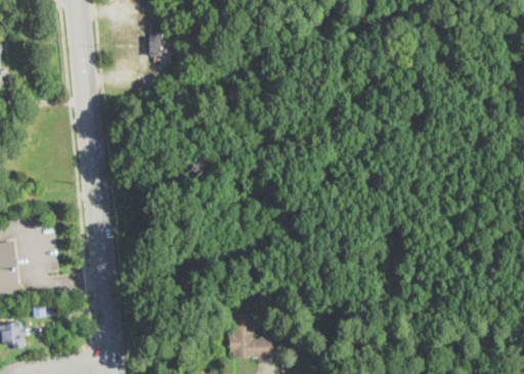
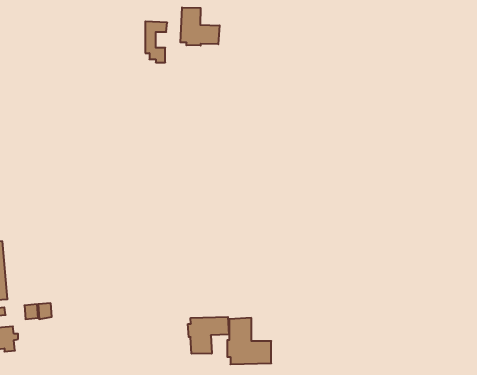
building: none -> [180,7,220,46]
building: none -> [188,317,229,354]

